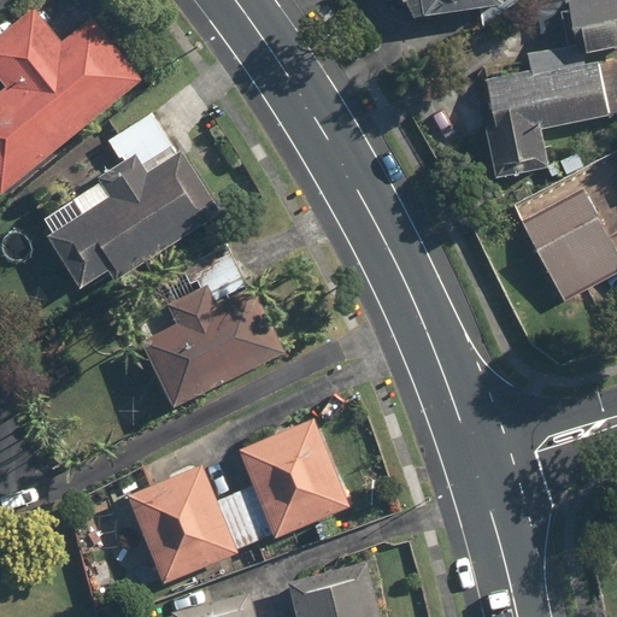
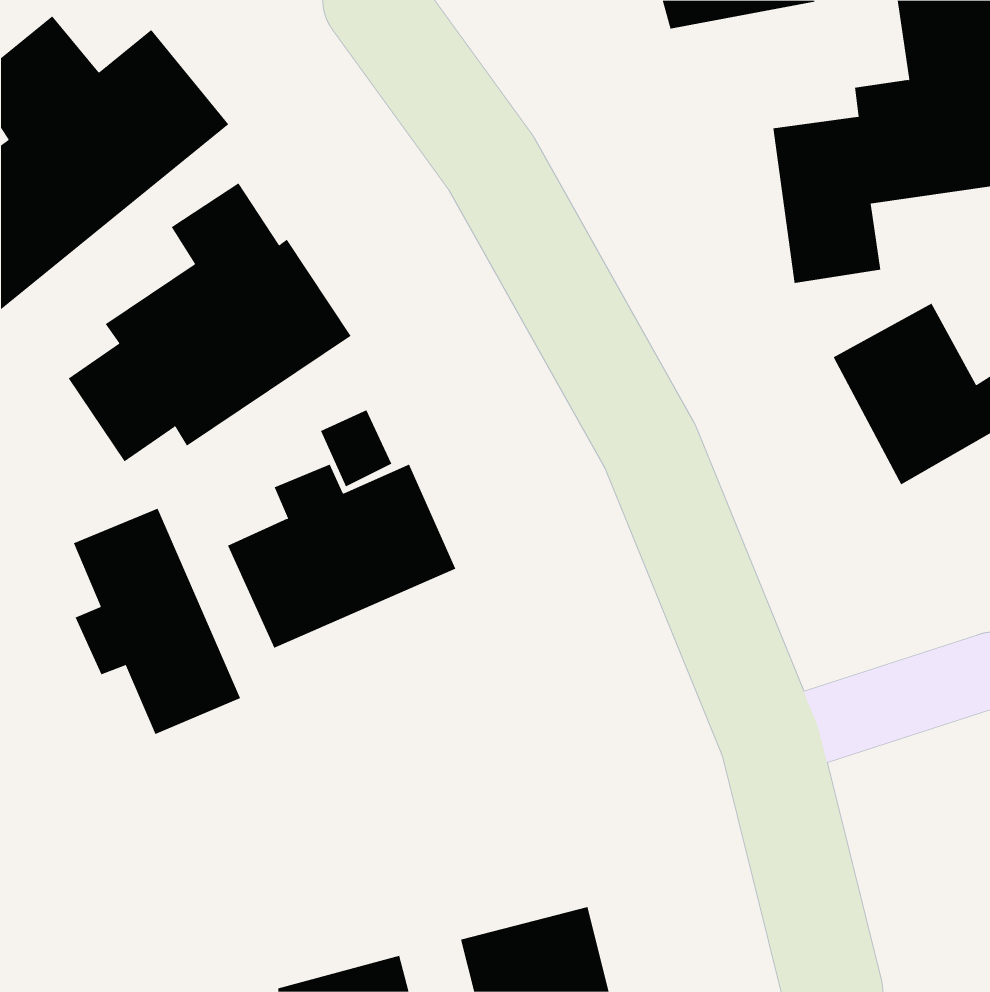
building: none -> [73,508,241,735]
building: [128,418,349,584] -> none

